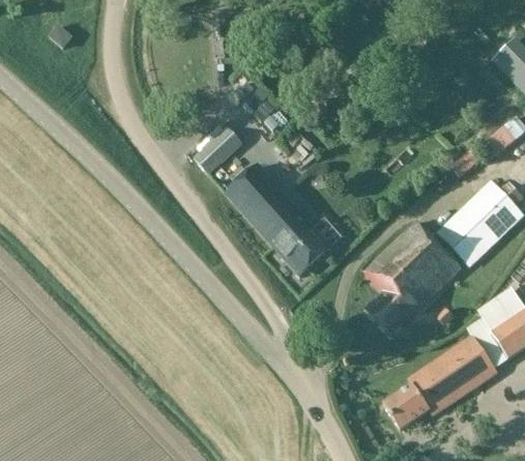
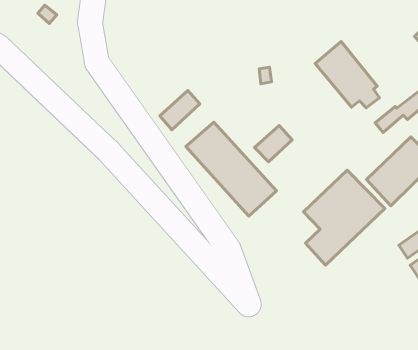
building: none -> [315,42,380,108]
building: none -> [254,125,292,162]
building: [383,335,497,428] -> none

